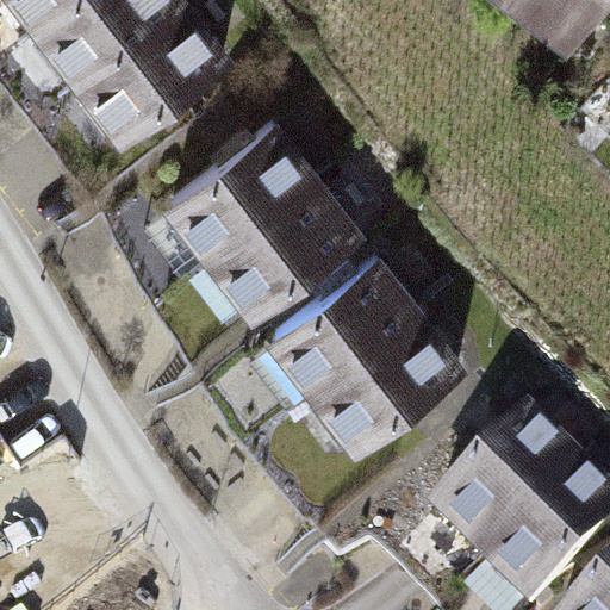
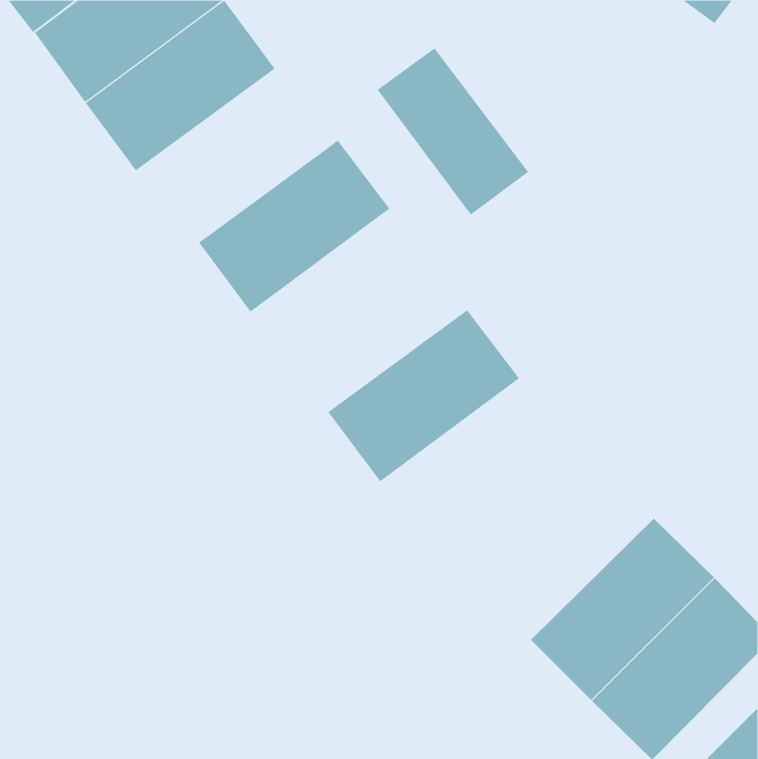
building: none -> [377,47,529,215]
building: [200,169,353,306] -> none
building: [304,305,456,442] -> none

